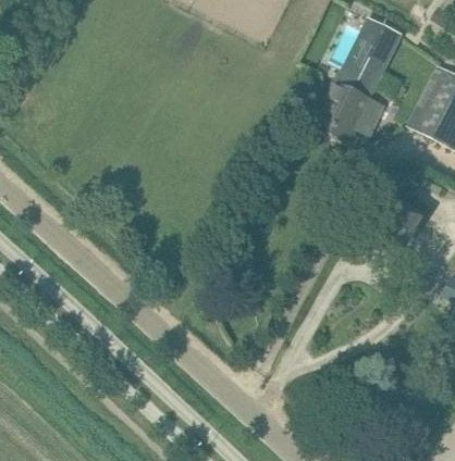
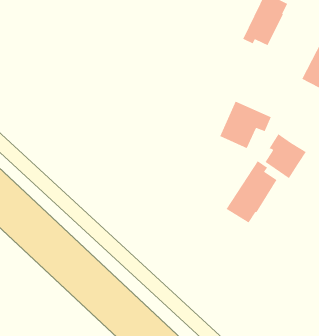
building: [317,83,384,145] -> [219,101,272,149]
building: none -> [225,160,278,224]

